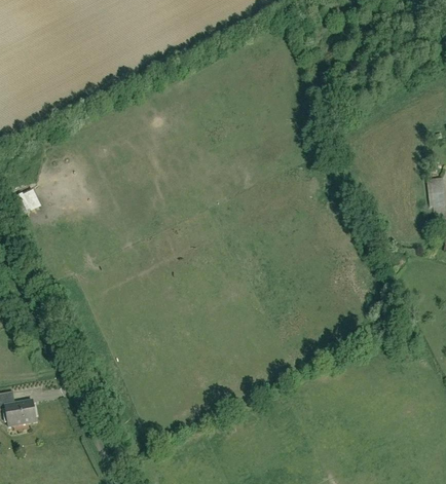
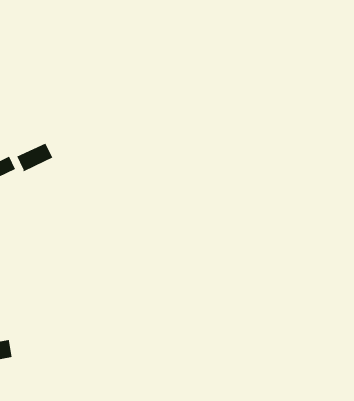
building: none -> [17,143,53,172]

